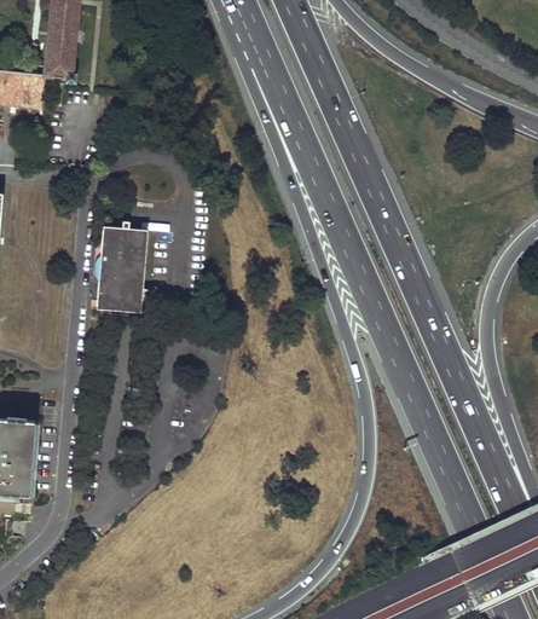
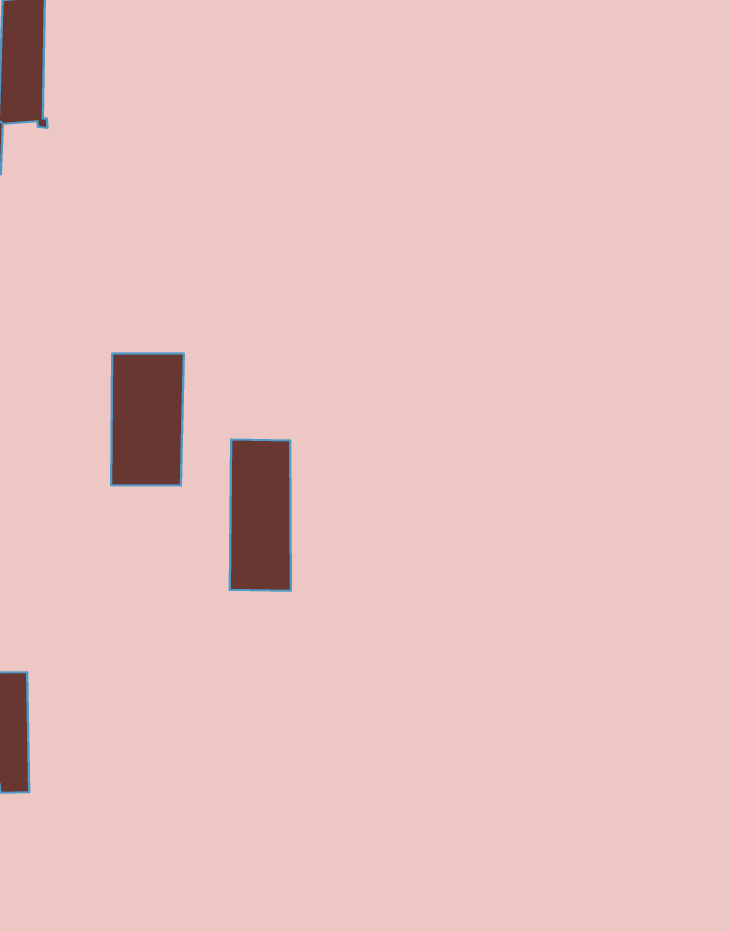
building: none -> [230,440,291,591]

